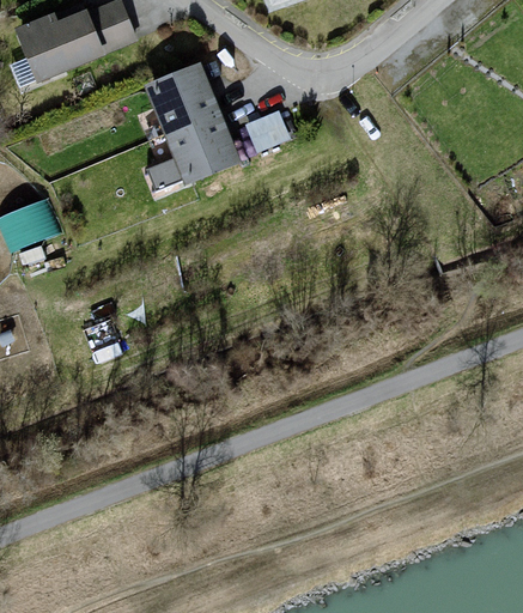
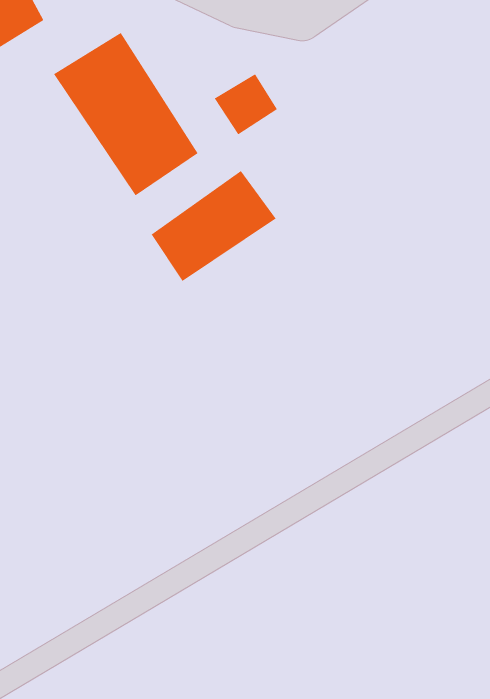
building: none -> [151,170,276,282]

